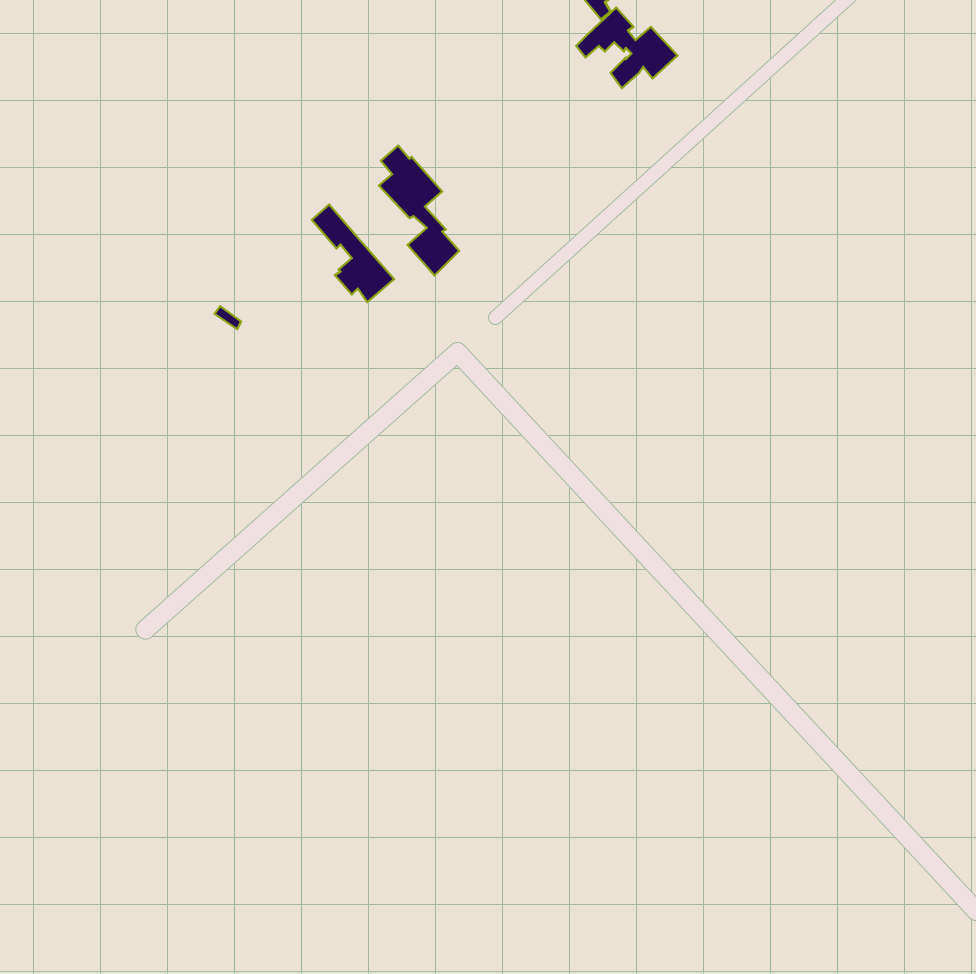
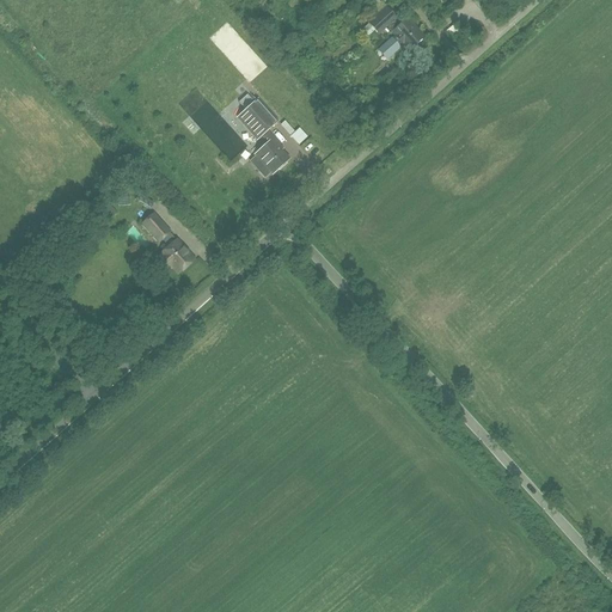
building: [312,204,394,302] -> [142,212,194,273]

